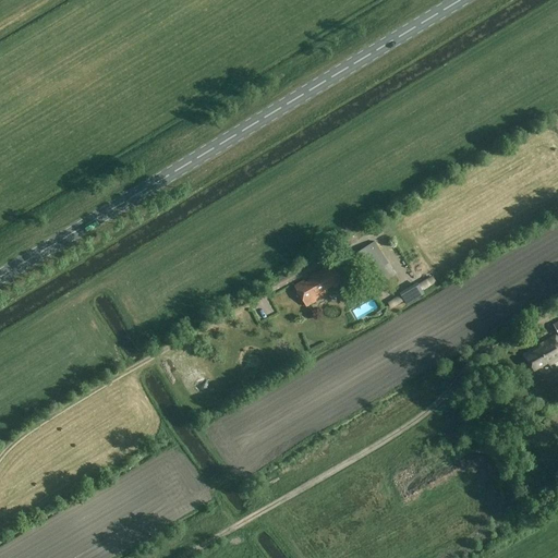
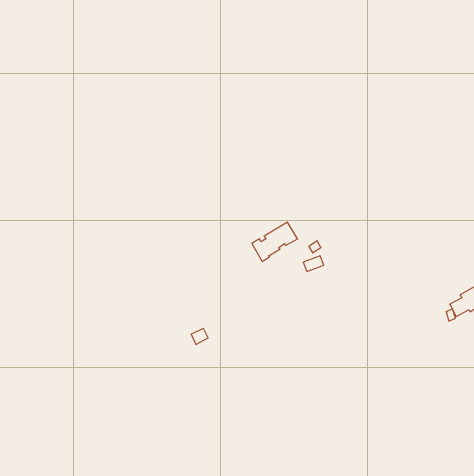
building: [357,244,393,286] -> none

